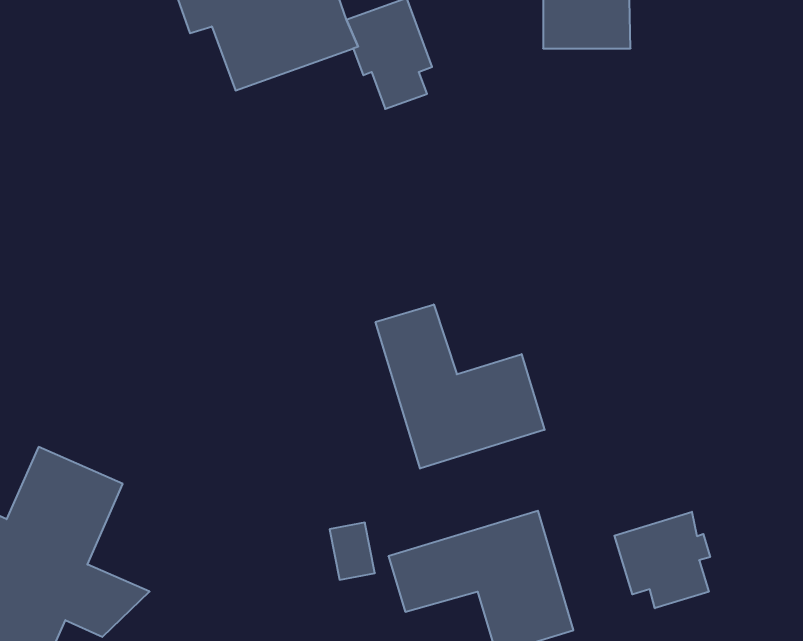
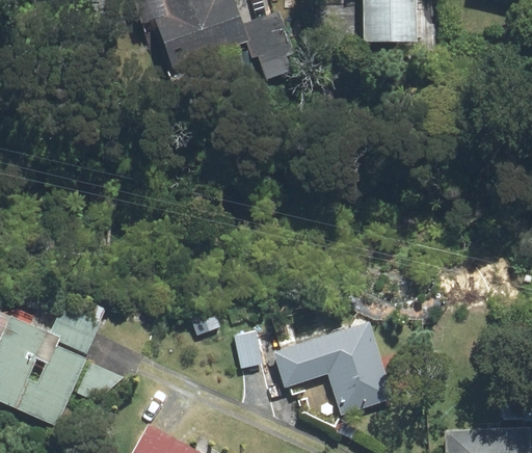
building: [376,304,545,469] -> none
building: [614,512,710,608] -> none

